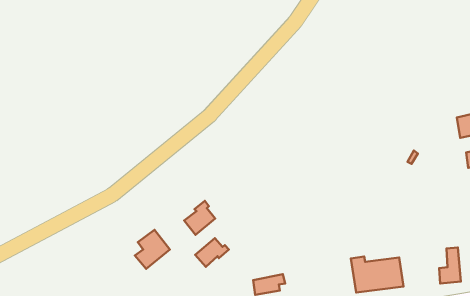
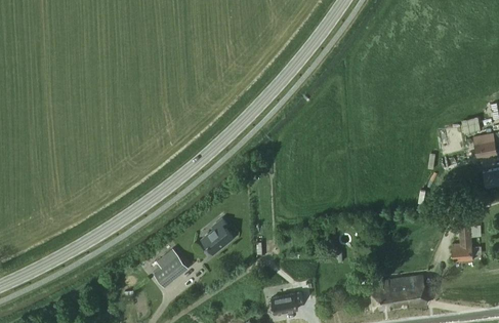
building: [195,238,229,267] -> none
building: [439,247,461,284] -> [452,225,473,260]

